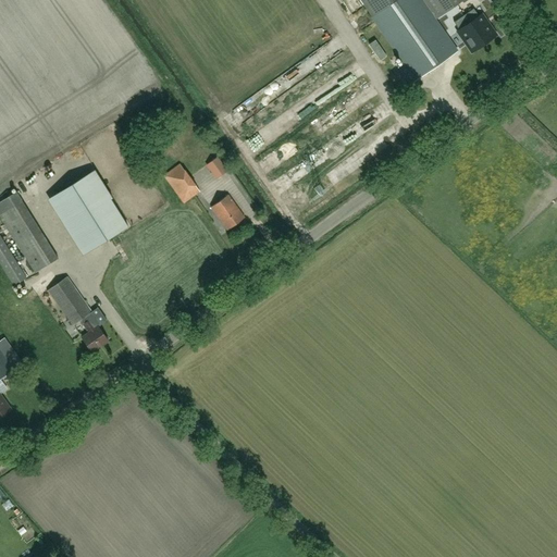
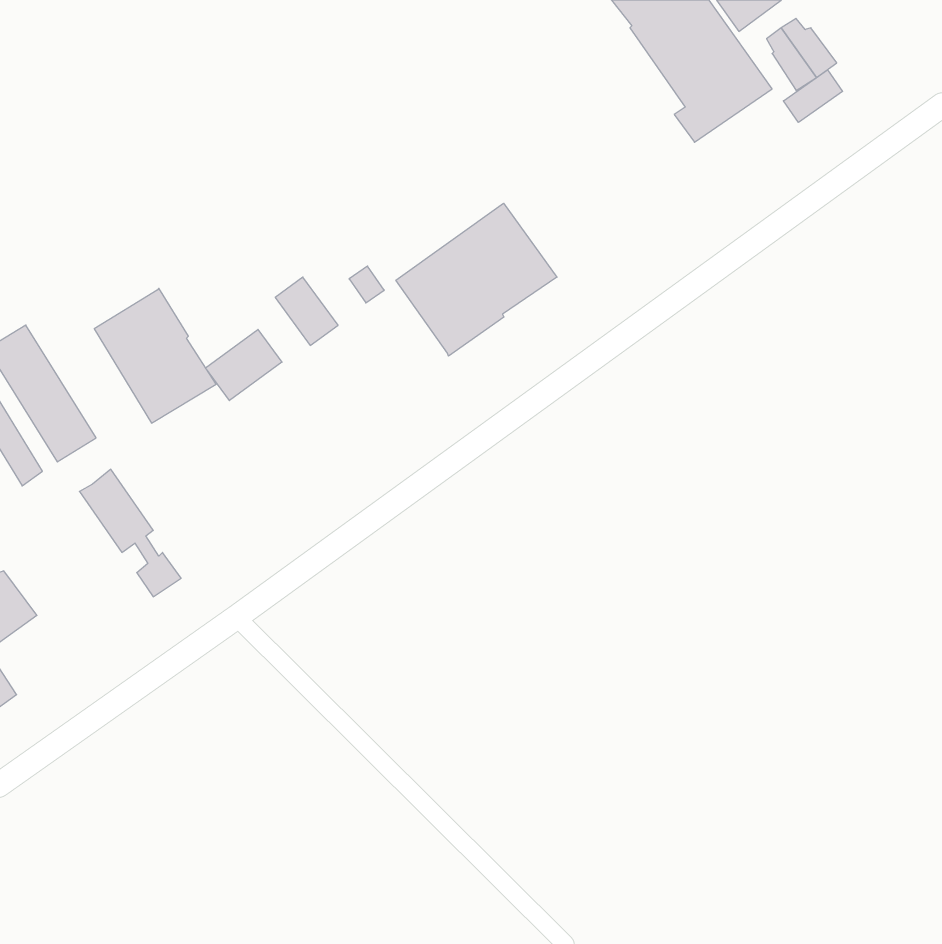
building: none -> [783,70,843,122]
building: none -> [396,203,557,356]
building: none -> [206,329,282,401]
building: [210,195,244,230] -> none

